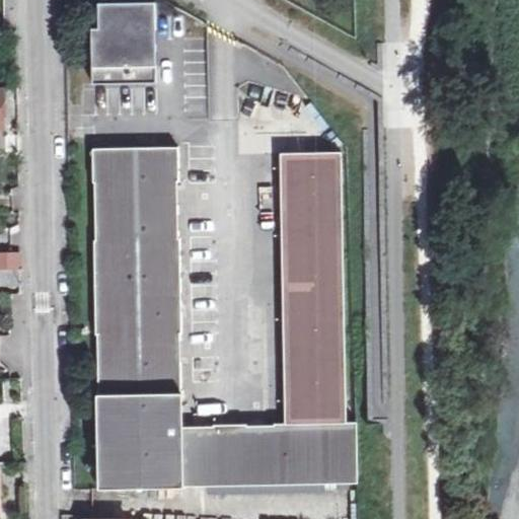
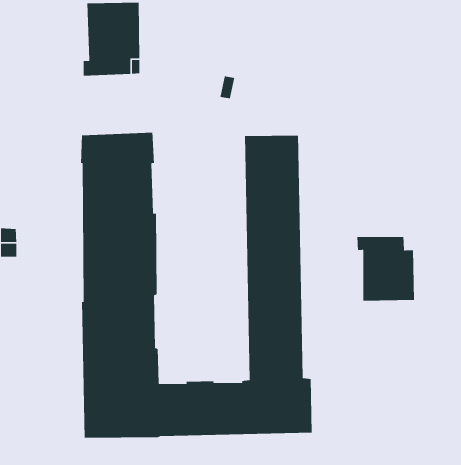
building: none -> [357,236,415,301]

